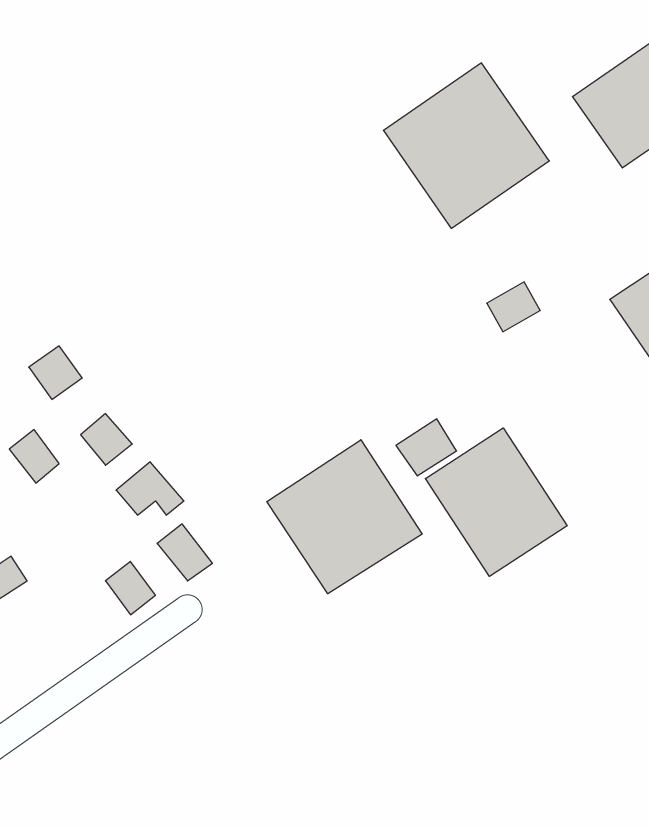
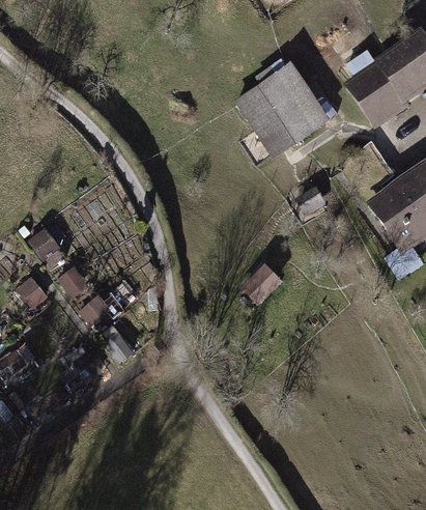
building: [425,428,567,576] -> none
building: [267,440,422,594] -> none

